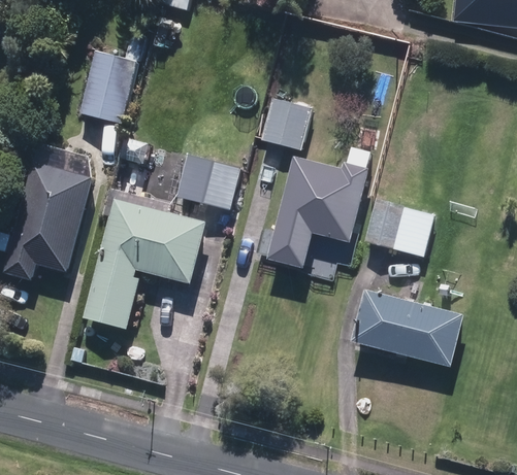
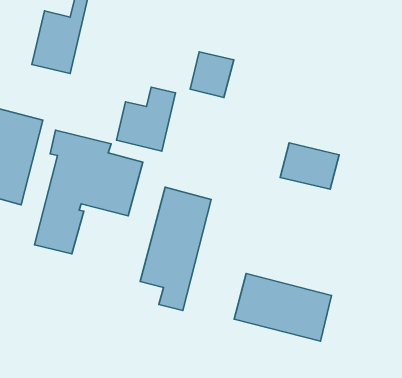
building: [268,157,366,278] -> none
building: none -> [140,187,211,311]
building: [351,289,461,365] -> [234,274,331,341]

